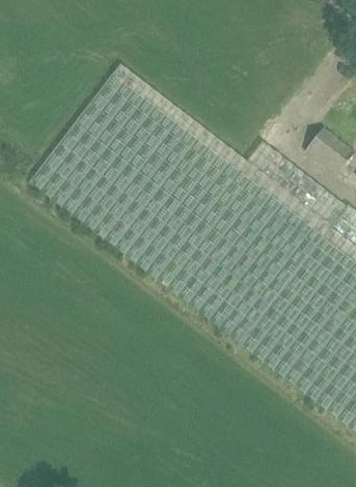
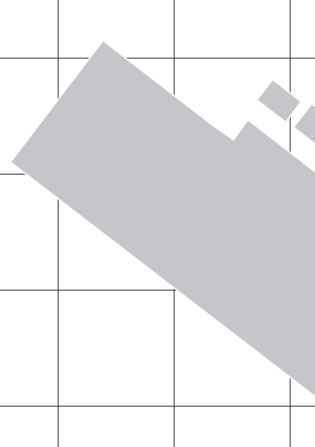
building: none -> [257,80,301,122]

